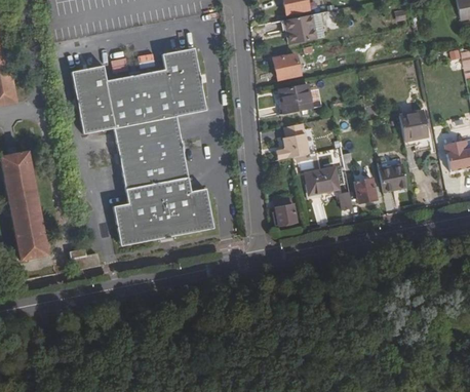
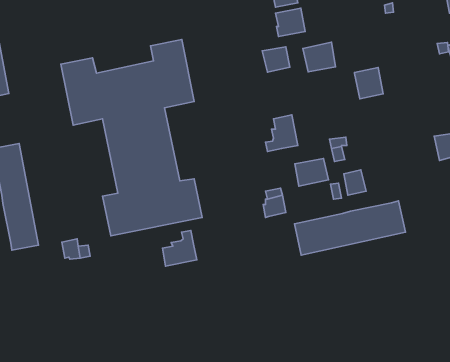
building: [279,84,312,114] -> [303,42,336,72]
building: [400,110,429,142] -> [355,67,383,99]
building: [378,156,406,192] -> none
building: none -> [294,201,406,255]
building: none -> [162,230,197,266]

